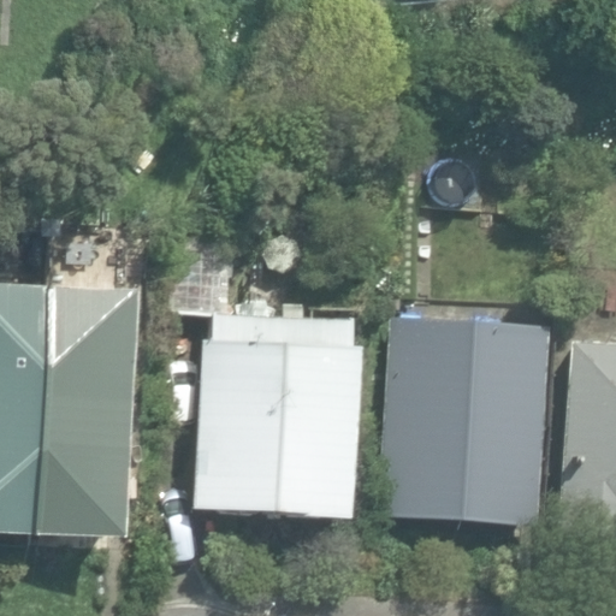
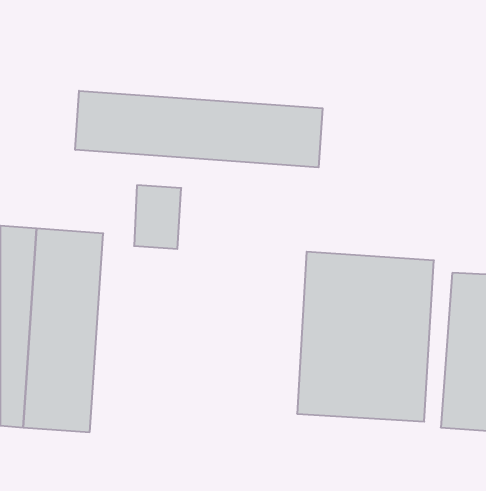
building: none -> [75,91,323,167]
building: [194,314,360,519] -> none

